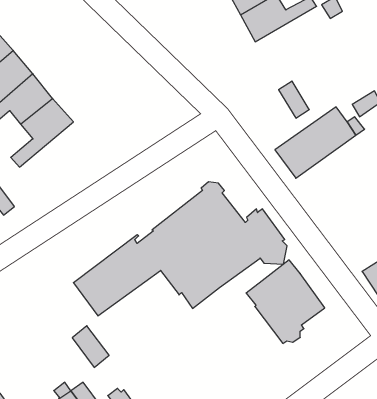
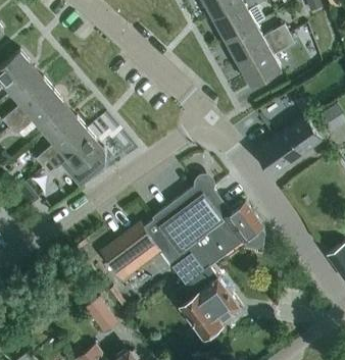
building: none -> [239,34,295,86]
building: none -> [43,130,104,187]
building: [246,260,325,343] -> [174,267,239,337]

